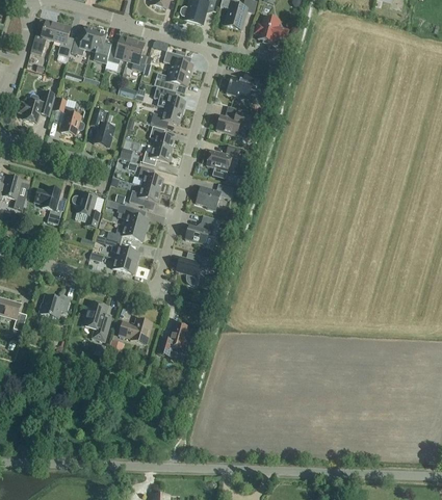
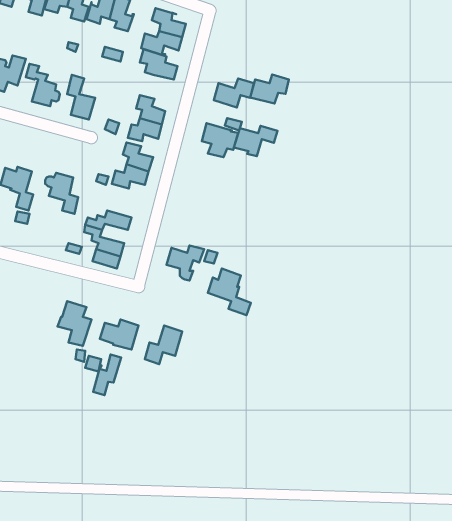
building: [227,72,260,97] -> [250,75,289,104]
building: [150,107,182,127] -> none
building: [196,183,233,209] -> [234,126,277,156]
building: [115,203,149,230] -> none
building: [185,214,220,248] -> none
building: none -> [208,268,251,315]
building: [38,294,71,317] -> none
building: none -> [93,354,121,395]

